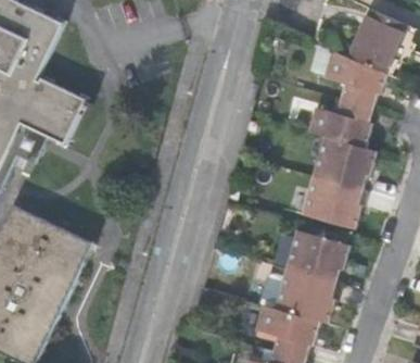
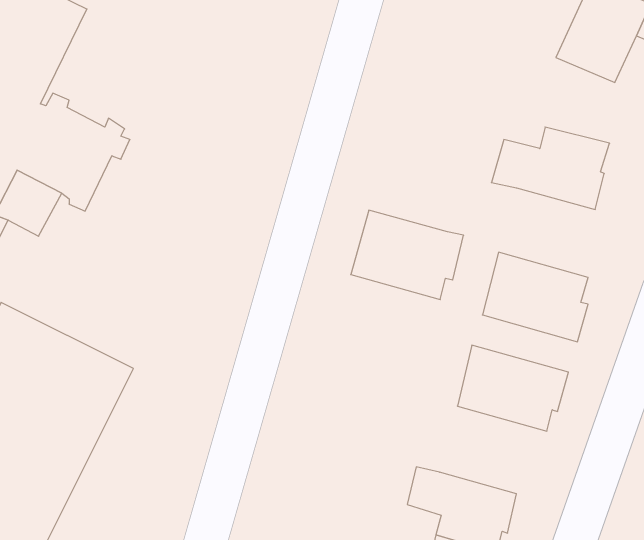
building: [322,47,390,107] -> none
building: [311,134,380,188] -> [351,210,464,300]
building: [276,266,341,324] -> none

